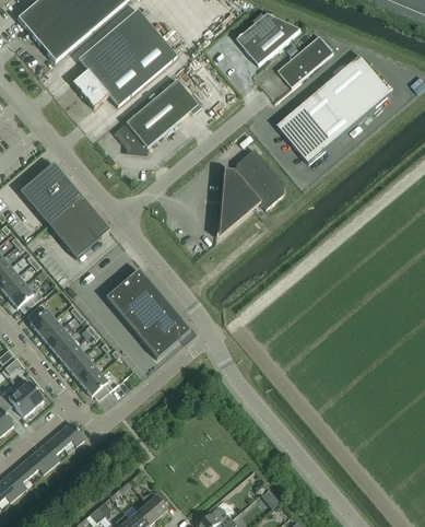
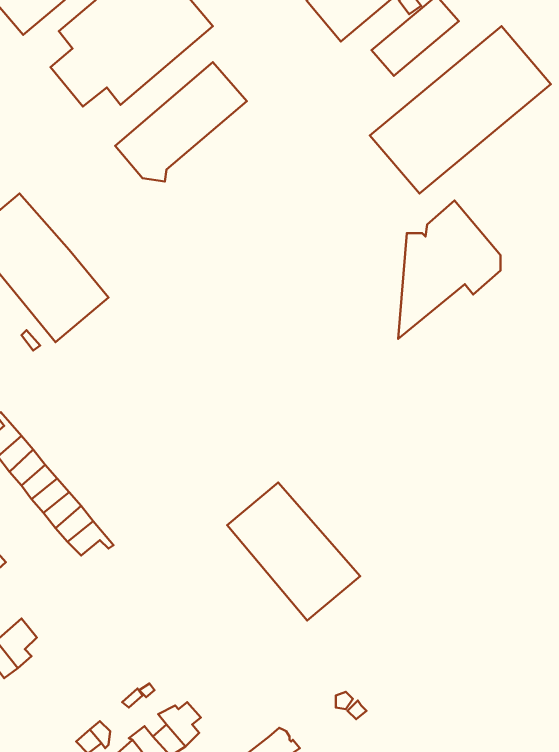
building: [217,148,283,236] -> [398,201,501,339]
building: [105,268,190,356] -> [227,482,360,621]
building: [54,420,85,446] -> none

